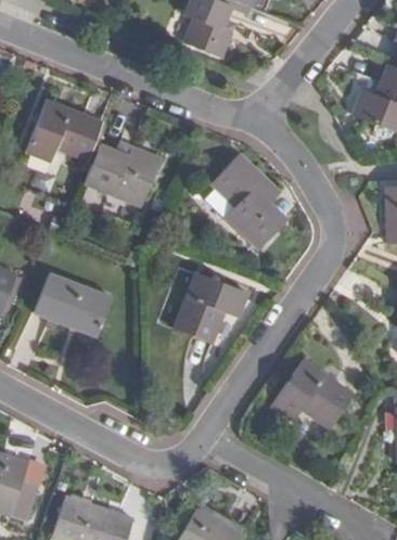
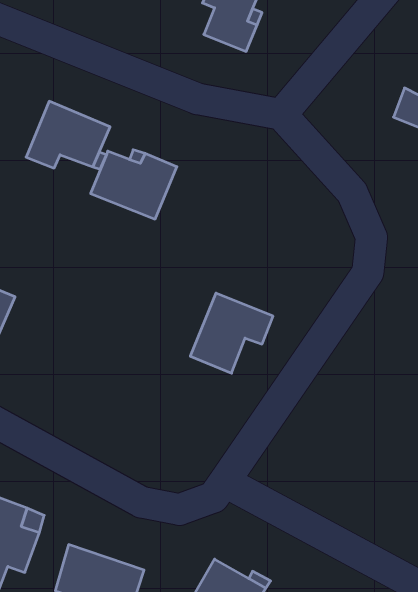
building: [212,154,286,246] -> none
building: [35,272,112,335] -> none
building: [270,358,354,427] -> none

